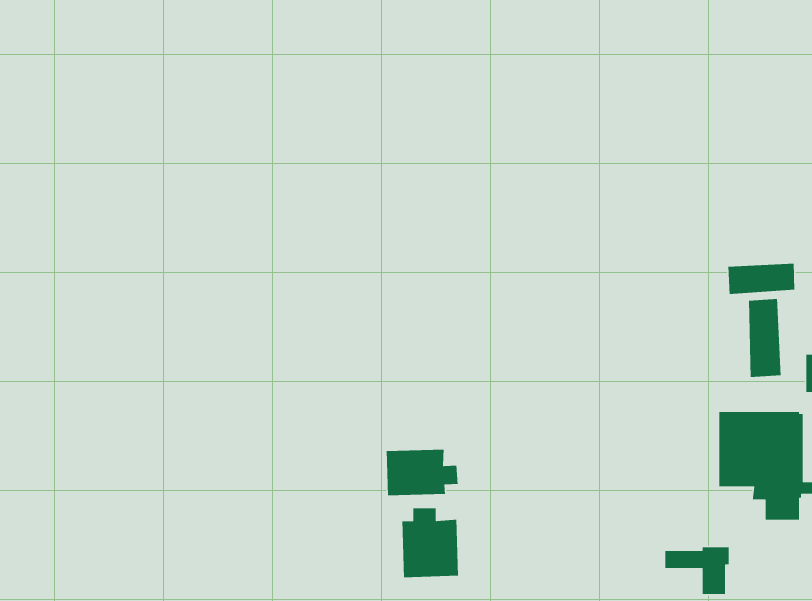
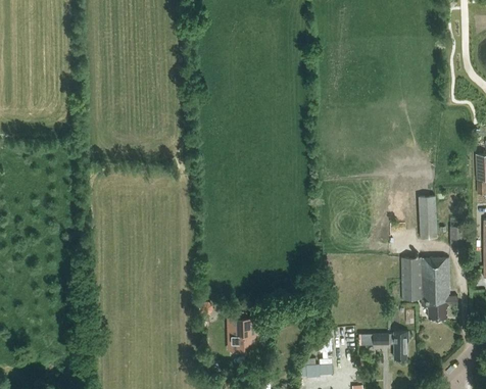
building: [728,263,795,295] -> none
building: [386,449,458,496] -> none

